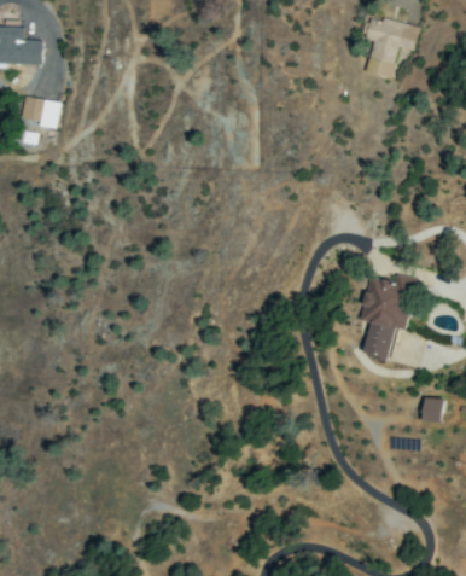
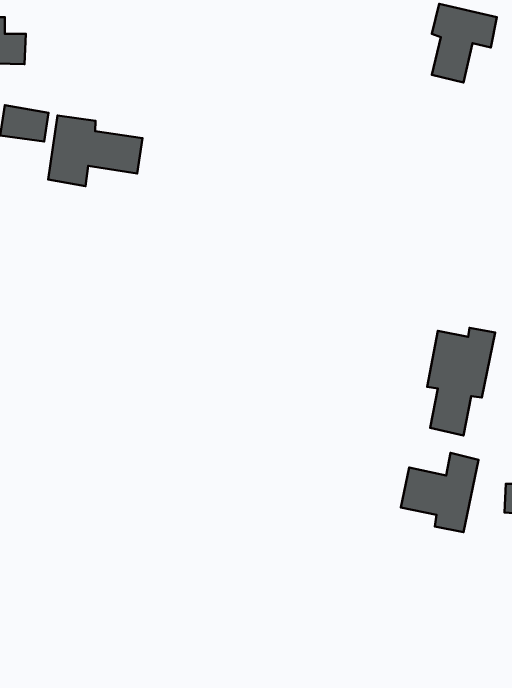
building: none -> [48,115,142,186]
building: none -> [401,453,478,532]

